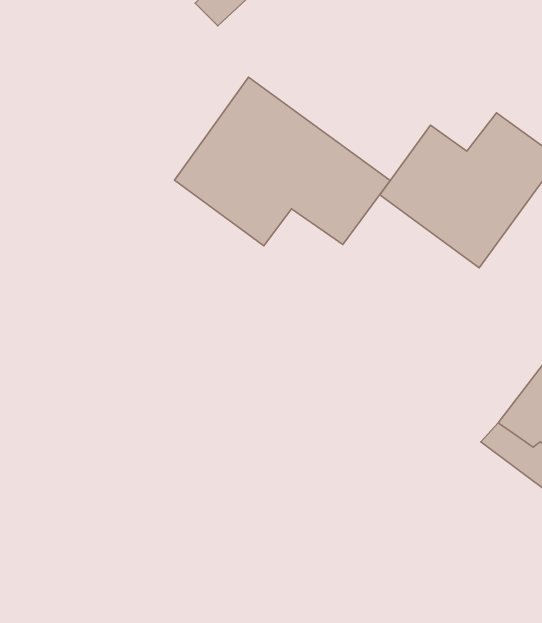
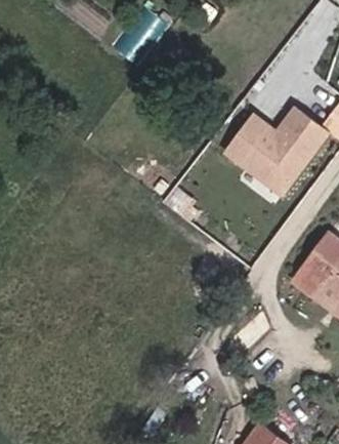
building: [174,77,390,246] -> none

